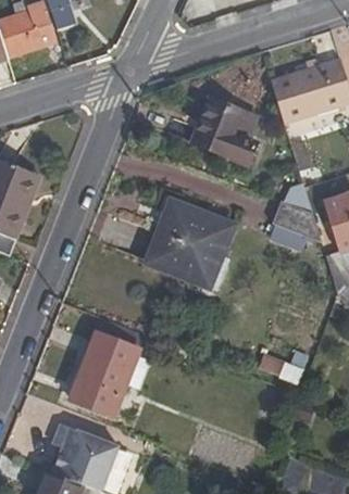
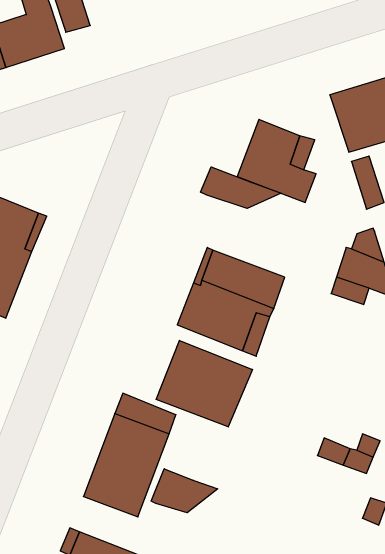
building: none -> [201,167,281,208]
building: none -> [156,340,252,427]
building: none -> [151,469,218,513]

